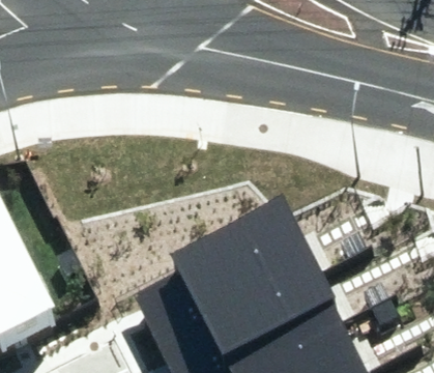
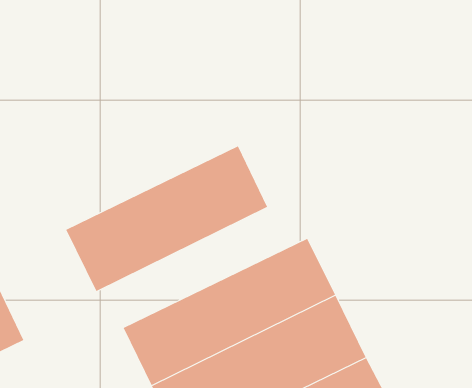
building: none -> [66,146,268,292]

